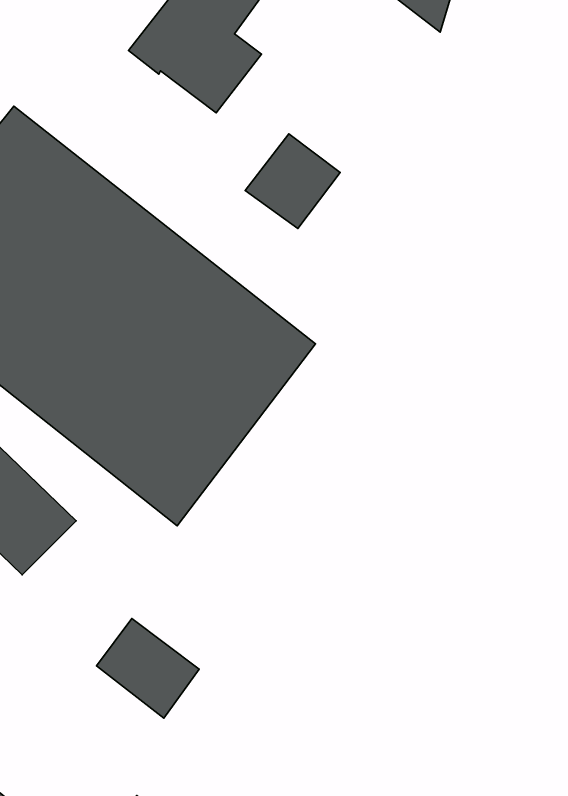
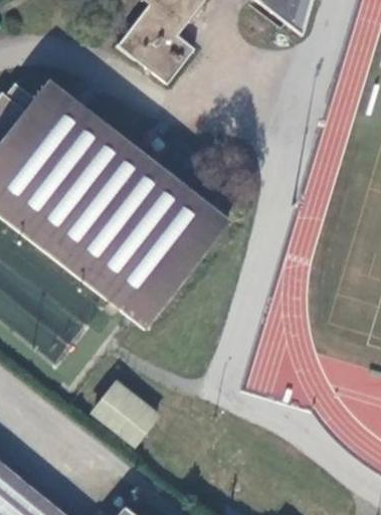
building: [245,134,340,229] -> none

